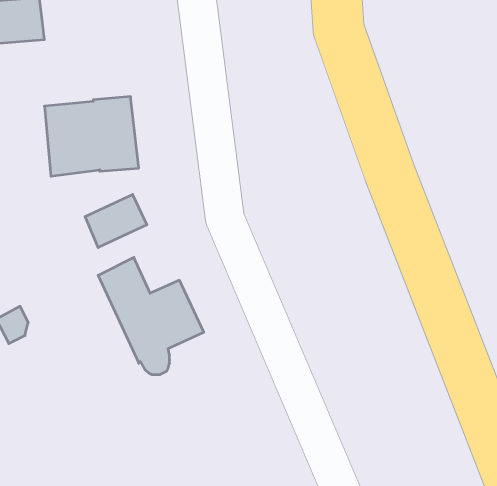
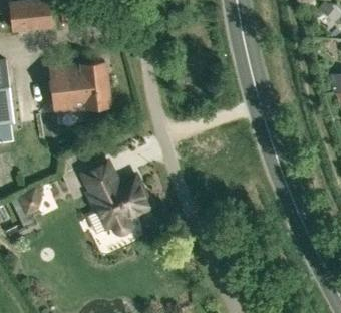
building: [85,194,147,248] -> none

